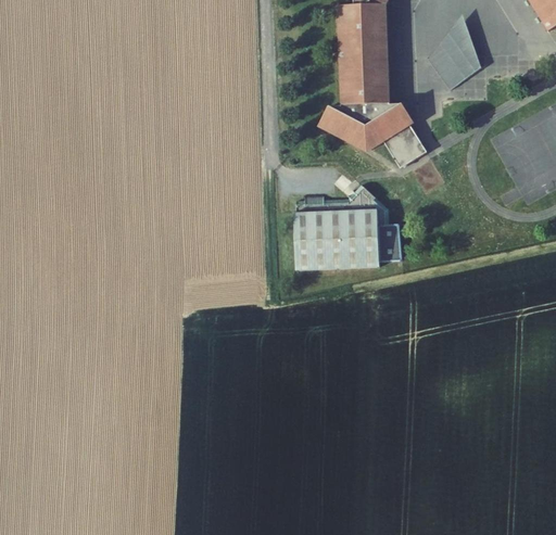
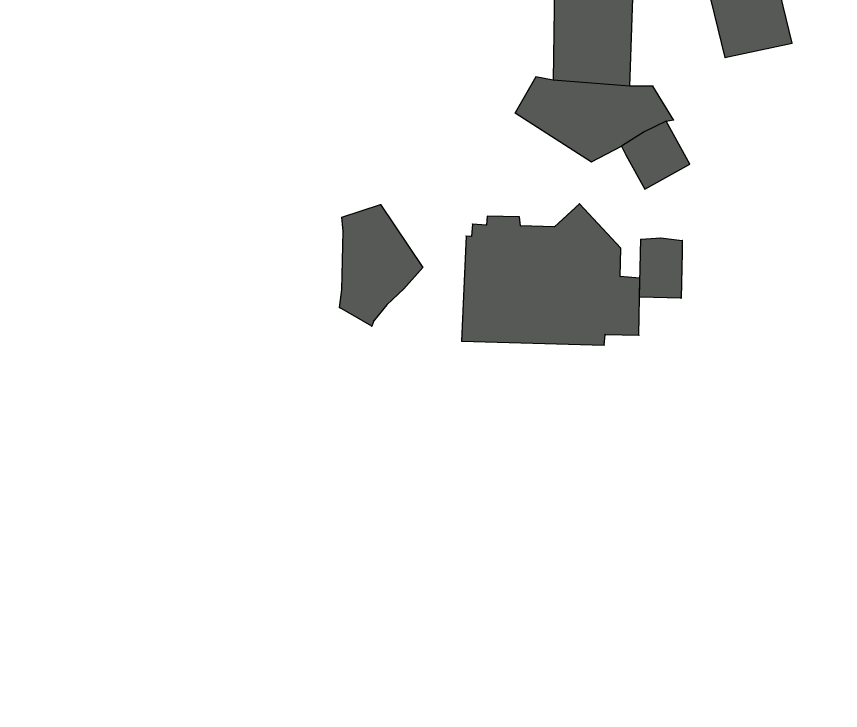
building: none -> [339,205,423,326]
building: none -> [640,238,682,298]

